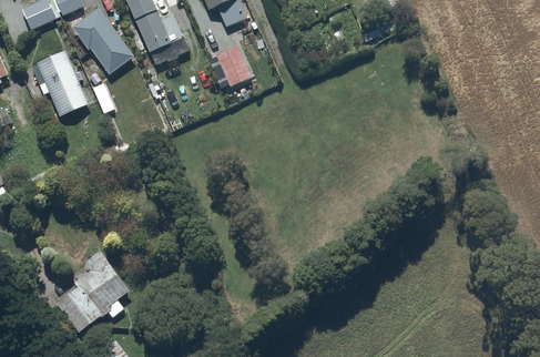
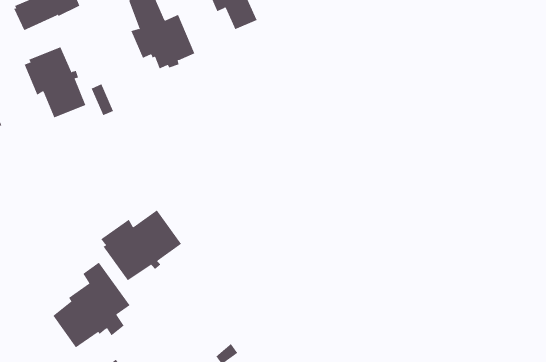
building: [72,8,134,75] -> none
building: [208,47,252,88] -> none
building: none -> [101,209,182,281]

